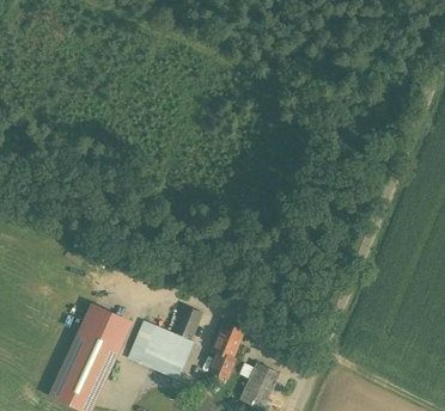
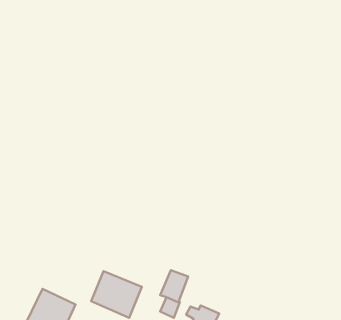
building: [74,303,130,361] -> none
building: [173,305,201,338] -> none

